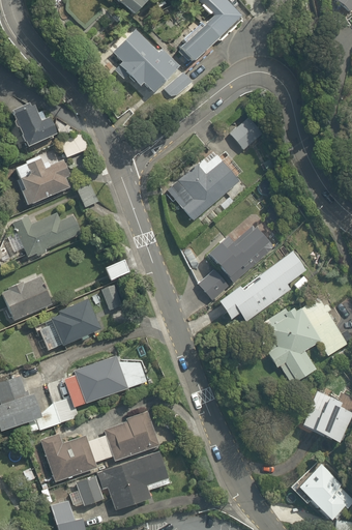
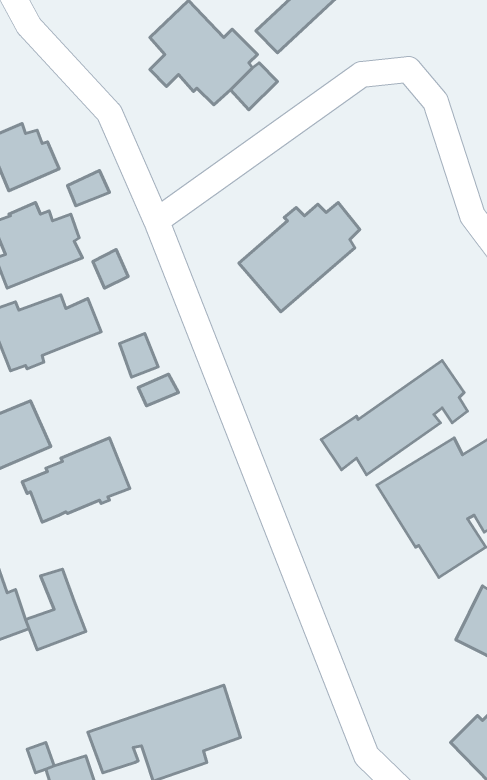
building: [228,118,258,149] -> none
building: [198,227,273,301] -> none
building: [101,284,125,311] -> [120,333,158,377]
building: [64,355,145,407] -> none
building: [40,405,158,481] -> none

